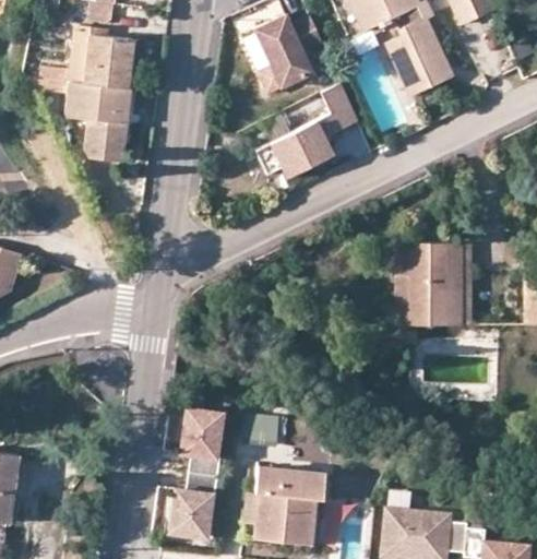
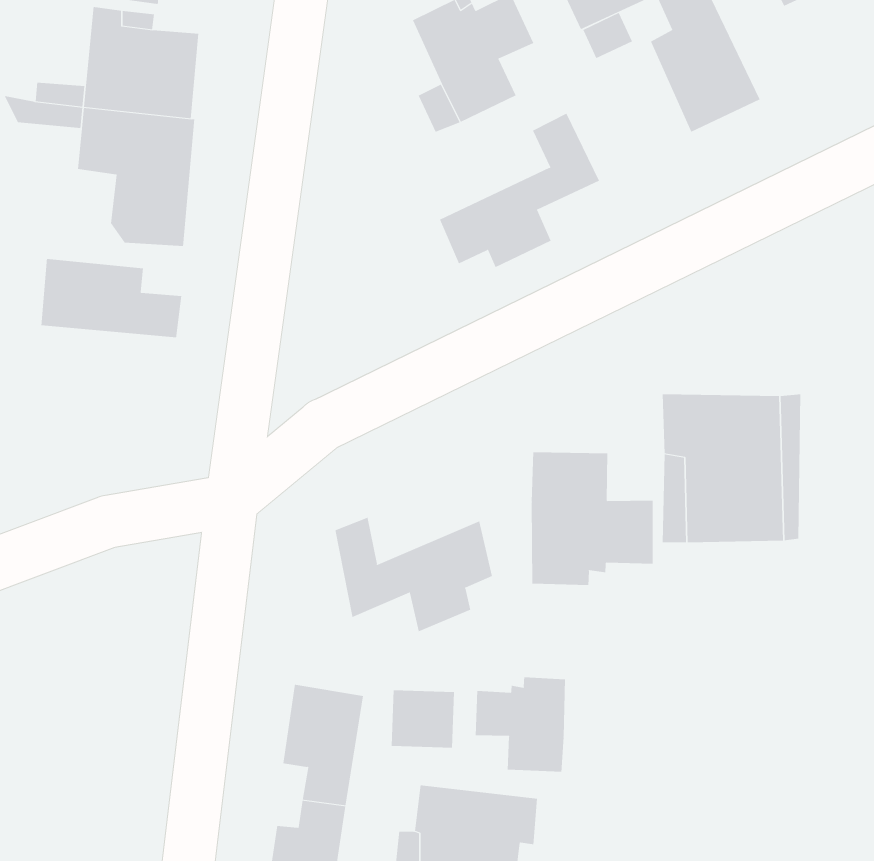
building: none -> [41,258,182,338]
building: none -> [531,451,653,586]
building: none -> [335,517,493,632]
building: none -> [475,676,565,773]

